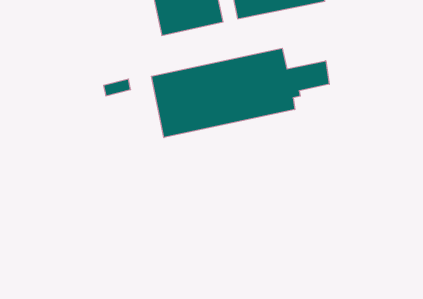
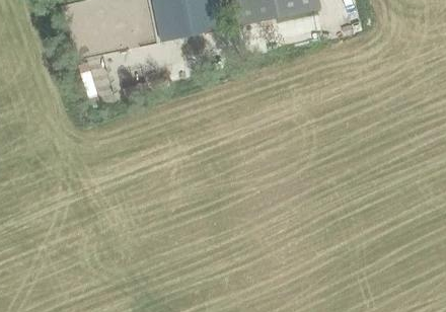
building: [151,48,329,138] -> none

